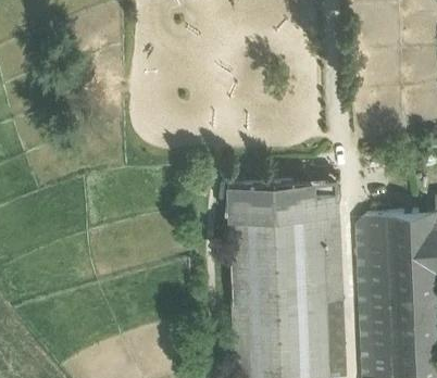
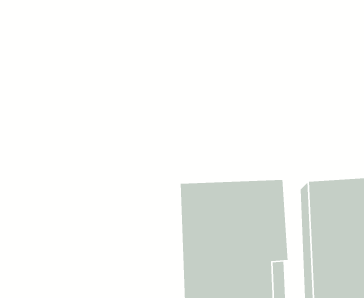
building: [227,182,338,219] -> none

